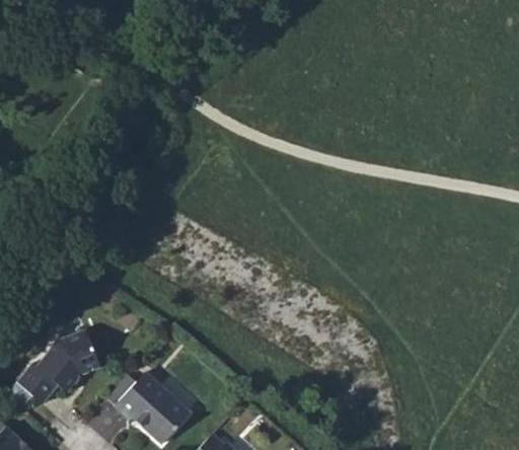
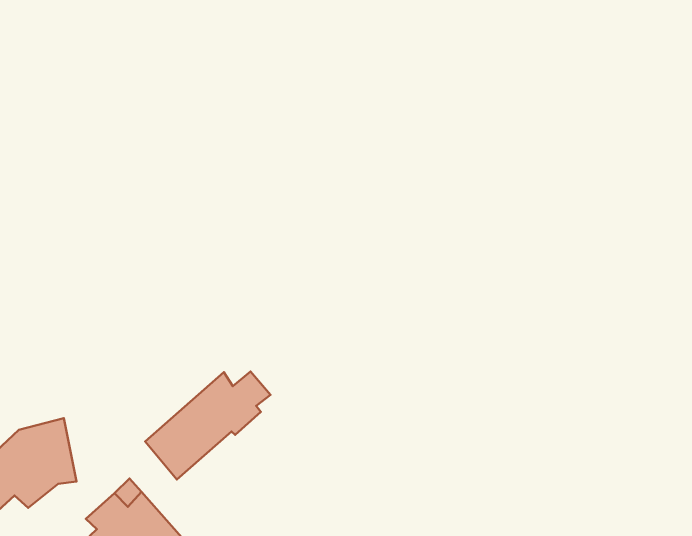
building: none -> [145,372,271,479]

